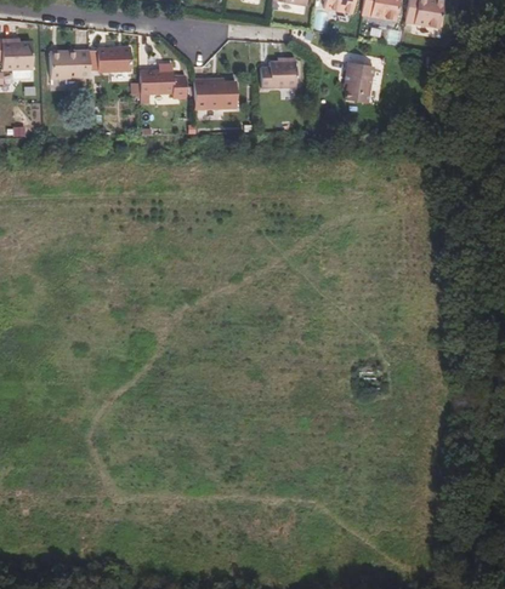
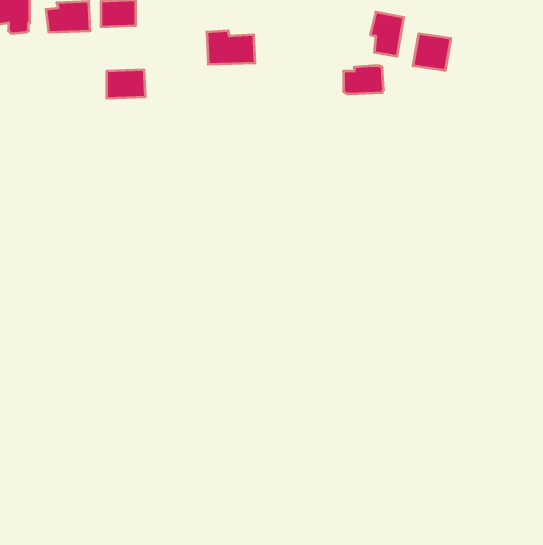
building: [261,62,297,87] -> [343,66,384,94]
building: [140,69,175,95] -> [107,70,145,98]
building: none -> [413,34,451,71]

